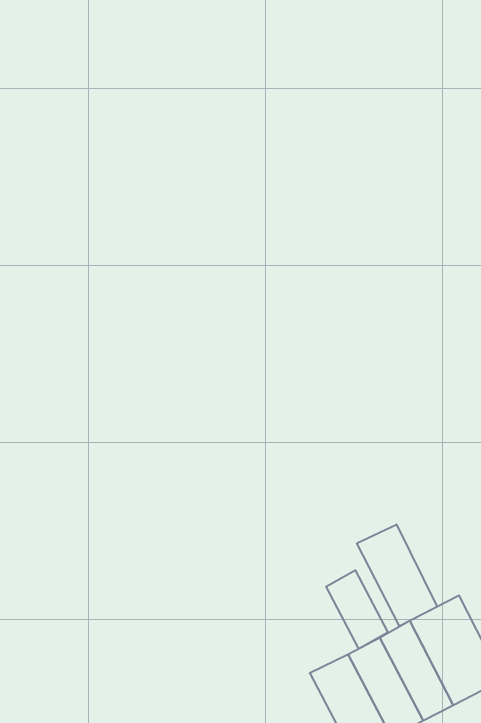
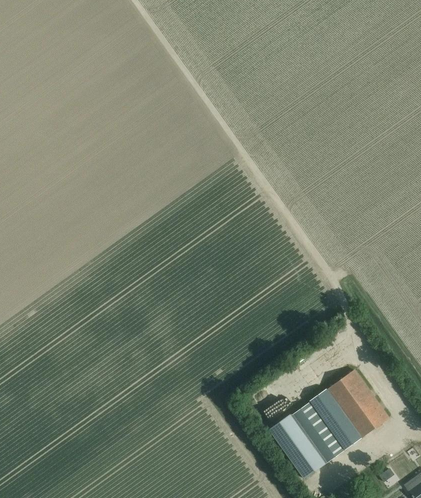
building: [357,524,437,626] -> none
building: [326,570,388,649] -> none

